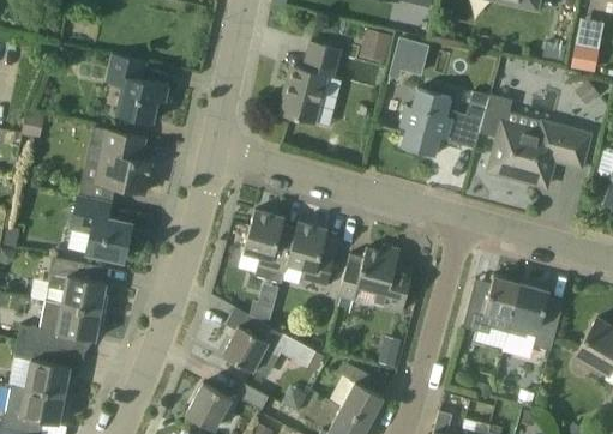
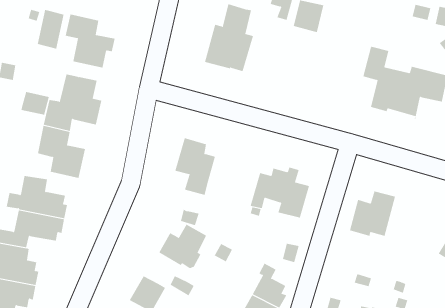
building: none -> [37,9,64,49]
building: [399,88,488,156] -> none
building: none -> [21,91,49,116]
building: [286,221,339,285] -> none
building: [507,283,560,350] -> none

